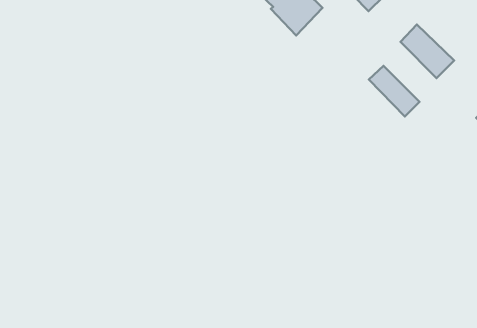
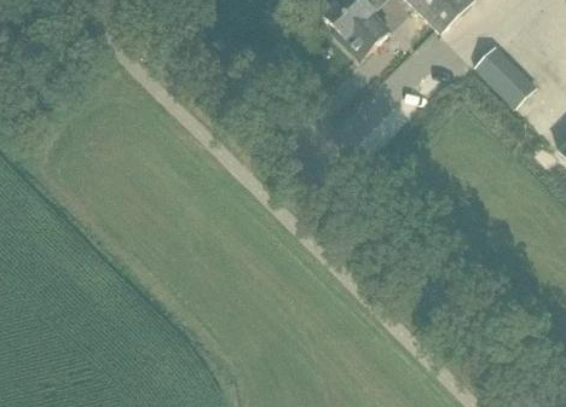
building: [369,66,419,116] -> none

